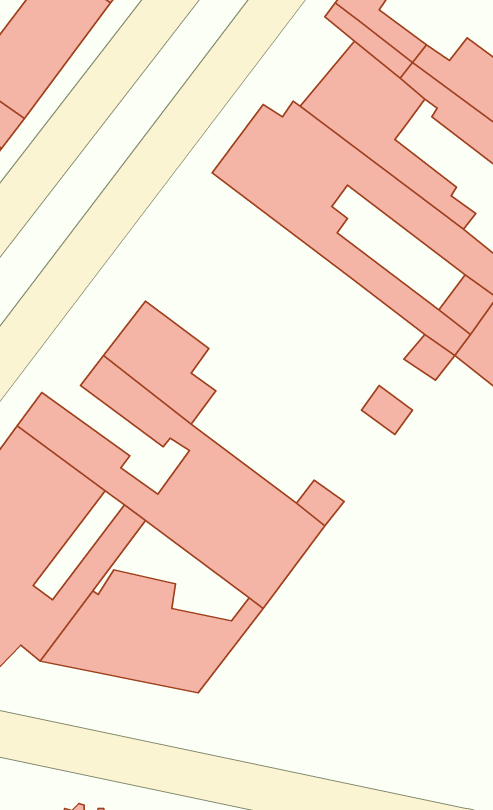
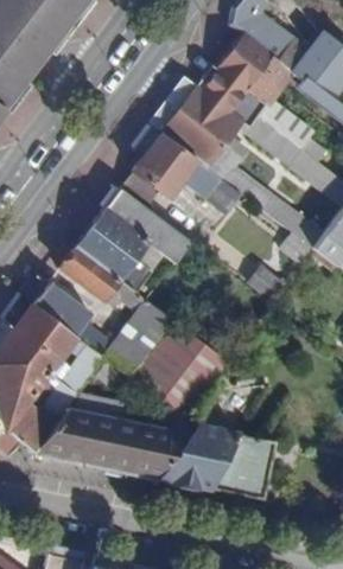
building: none -> [126,124,244,216]
building: none -> [107,190,192,264]
building: none -> [142,418,281,501]

